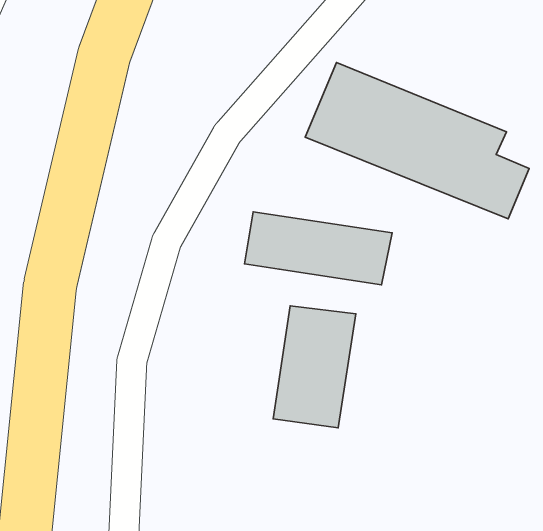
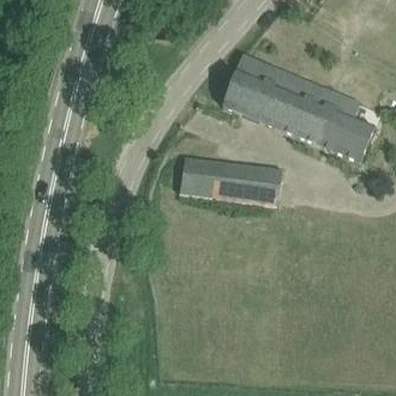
building: [273,306,356,428] -> none

